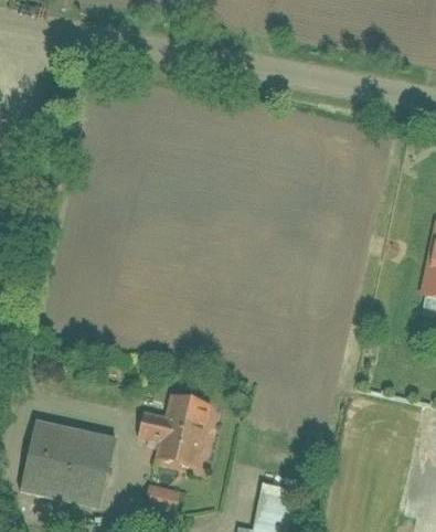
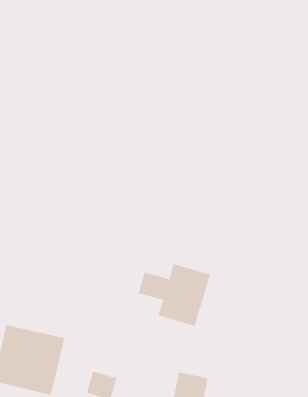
building: [129,397,217,474] -> [138,263,211,327]

